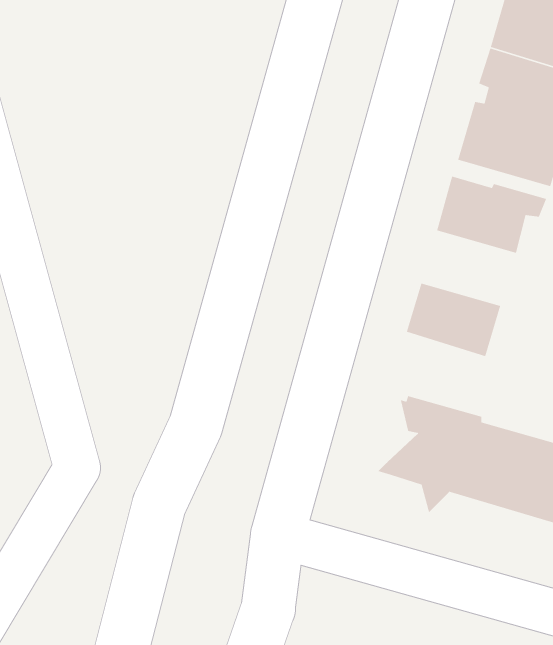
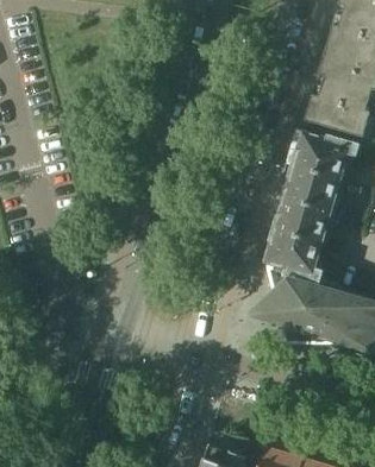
building: none -> [282,163,342,209]
building: none -> [263,226,324,278]

